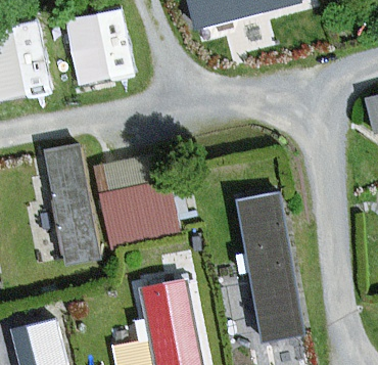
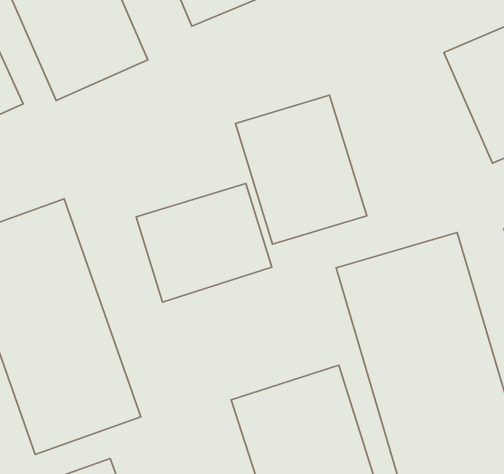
building: none -> [235,95,367,244]

